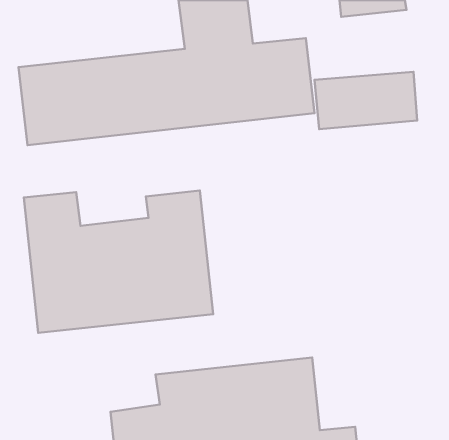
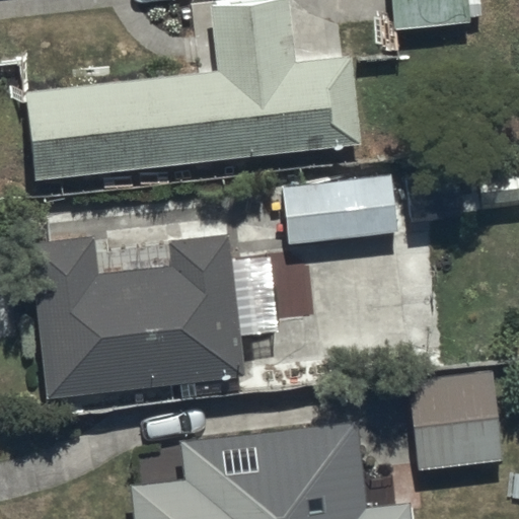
building: [315,72,417,129] -> [278,177,395,243]
building: none -> [409,368,505,472]

